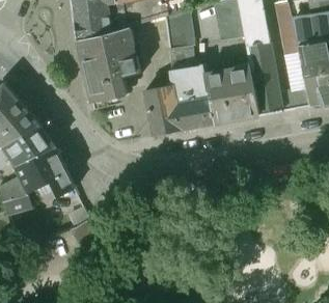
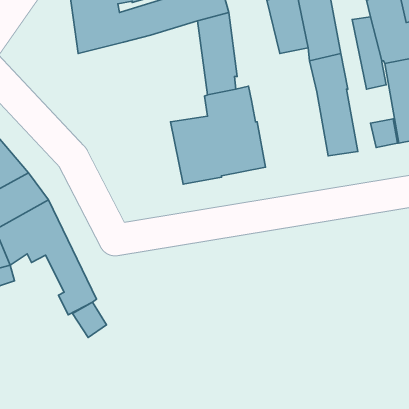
building: [77,26,140,101] -> none
building: [203,67,259,122] -> none

